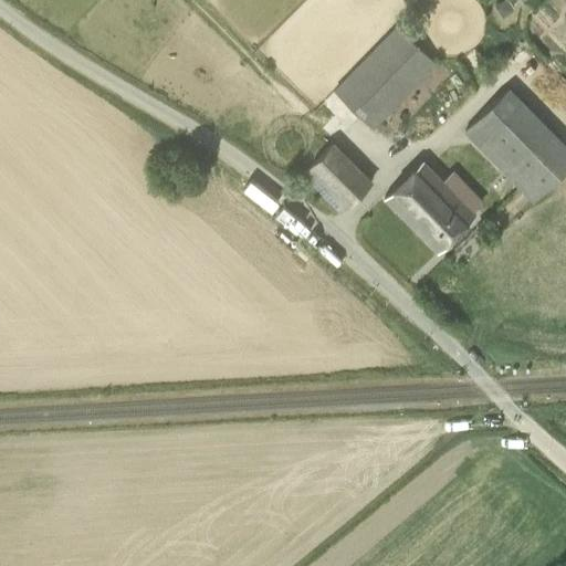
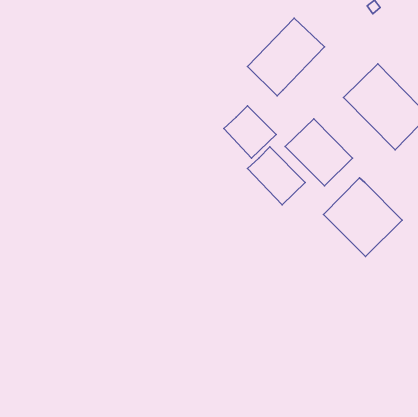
building: none -> [248,147,305,205]
building: none -> [324,178,402,256]

